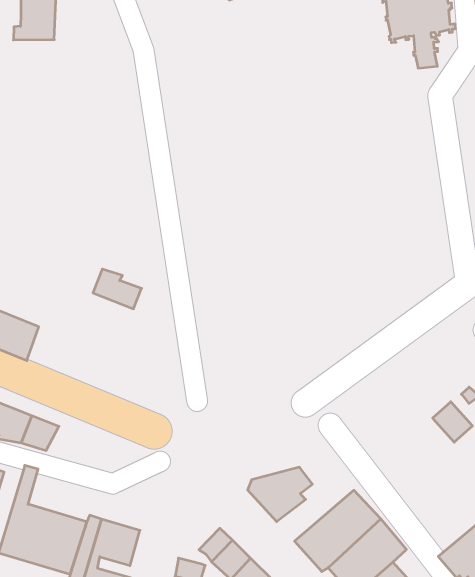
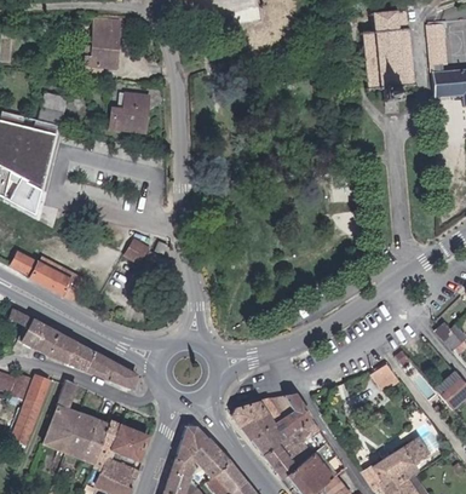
building: none -> [113,91,150,130]
building: none -> [82,352,142,391]
building: none -> [248,395,307,453]
building: none -> [173,425,206,464]

